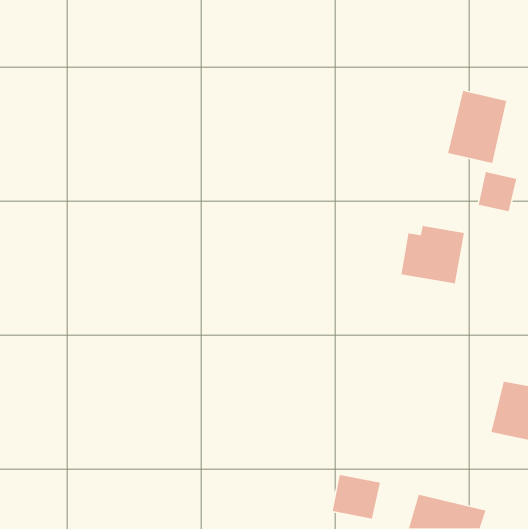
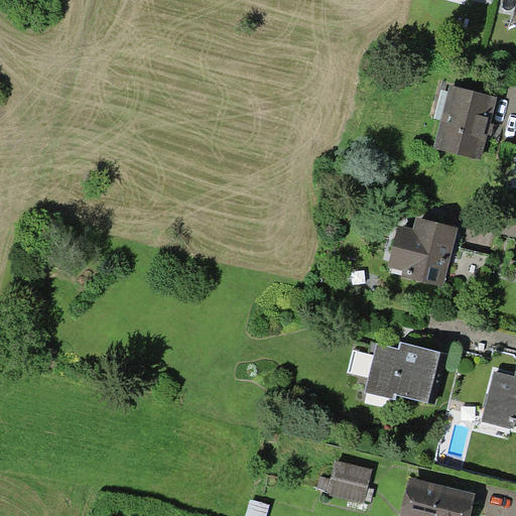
building: [478,171,517,212] -> none
building: none -> [365,336,444,403]

